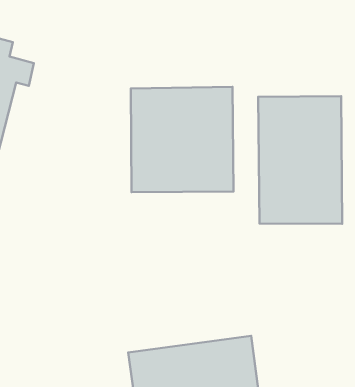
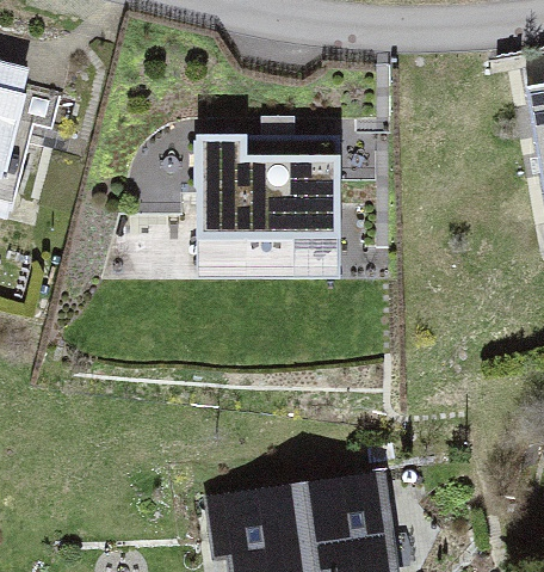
building: [258,96,342,224] -> none

